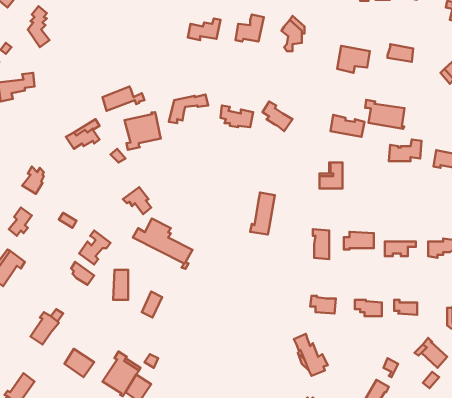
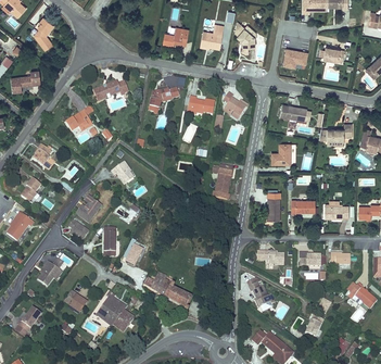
building: [365,100,405,129] -> none
building: [124,112,161,150] -> none
building: [133,219,192,269] -> [144,272,192,312]

